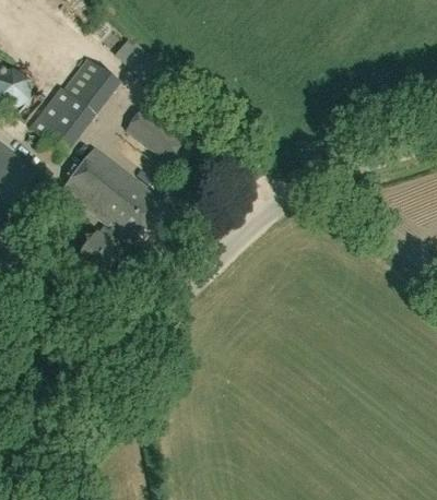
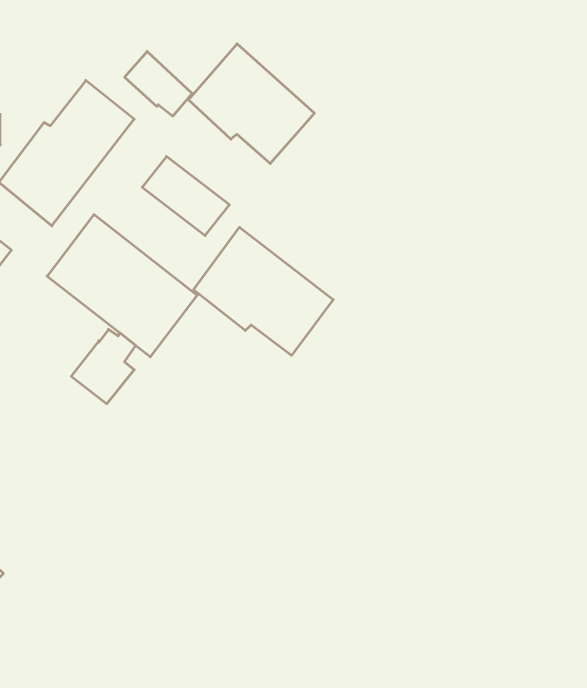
building: none -> [189,44,314,164]
building: none -> [194,227,333,355]

